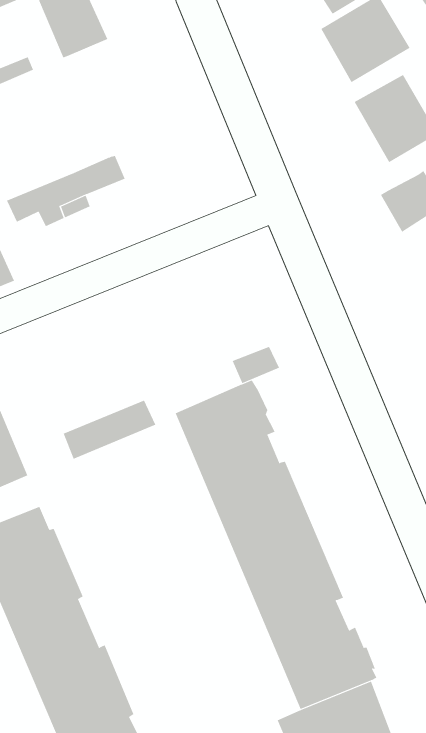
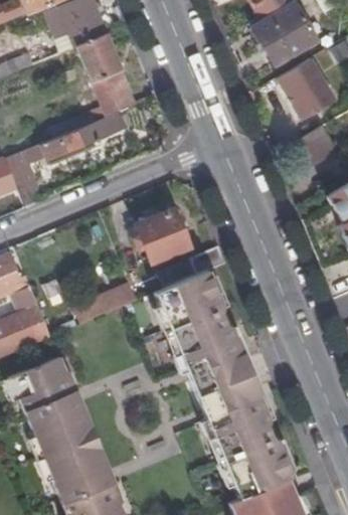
building: none -> [78,32,136,114]
building: none -> [137,209,189,262]

